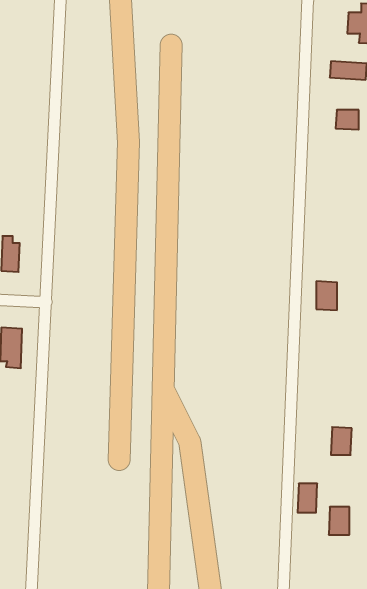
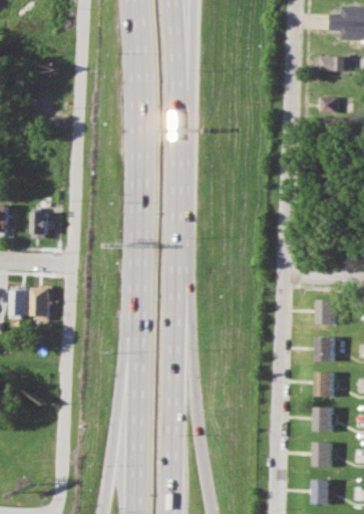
building: [316,281,337,310] -> [319,299,337,324]
building: none -> [317,336,335,361]
building: [298,484,317,513] -> [315,407,332,432]
building: none -> [313,479,332,504]

